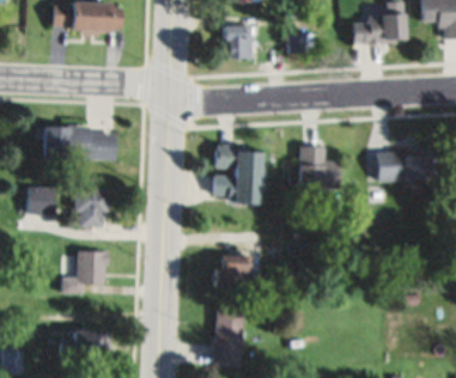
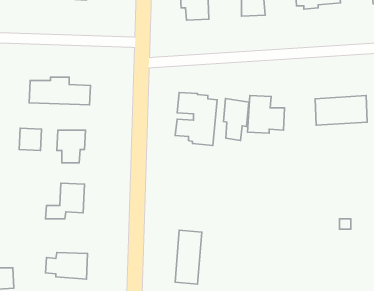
building: none -> [224,98,249,140]
building: [220,255,266,288] -> none

